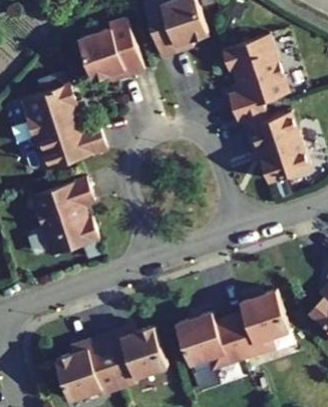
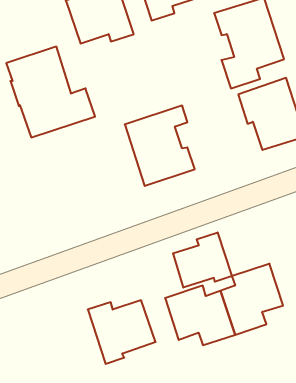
building: [32,177,99,255] -> [125,106,195,186]
building: none -> [173,232,232,288]
building: [54,336,118,400] -> none

